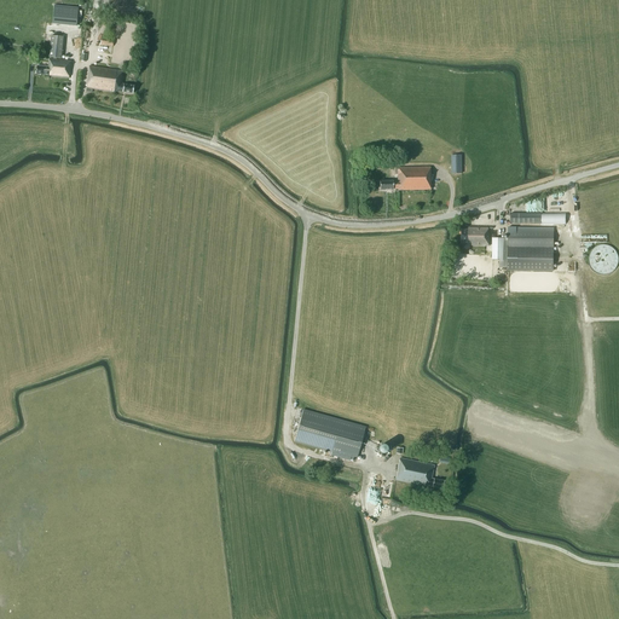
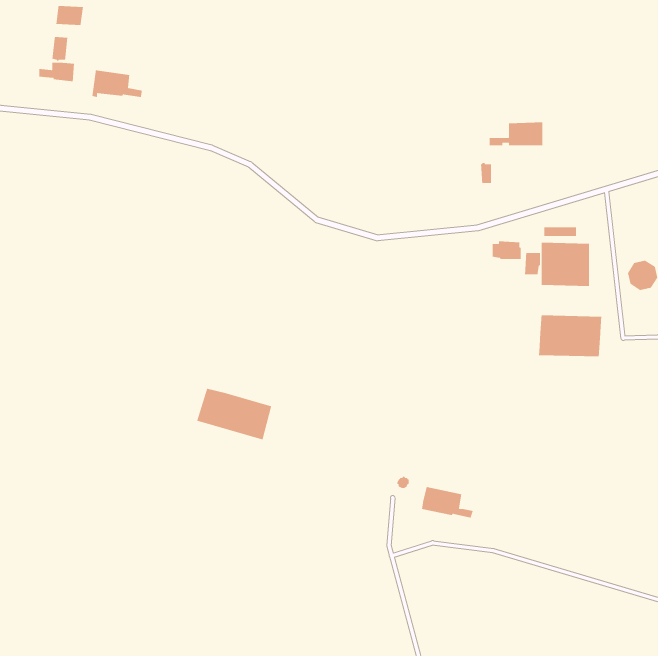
building: [380,166,430,189] -> [489,122,543,146]
building: none -> [538,315,602,357]
building: [294,409,365,458] -> [196,388,272,440]

